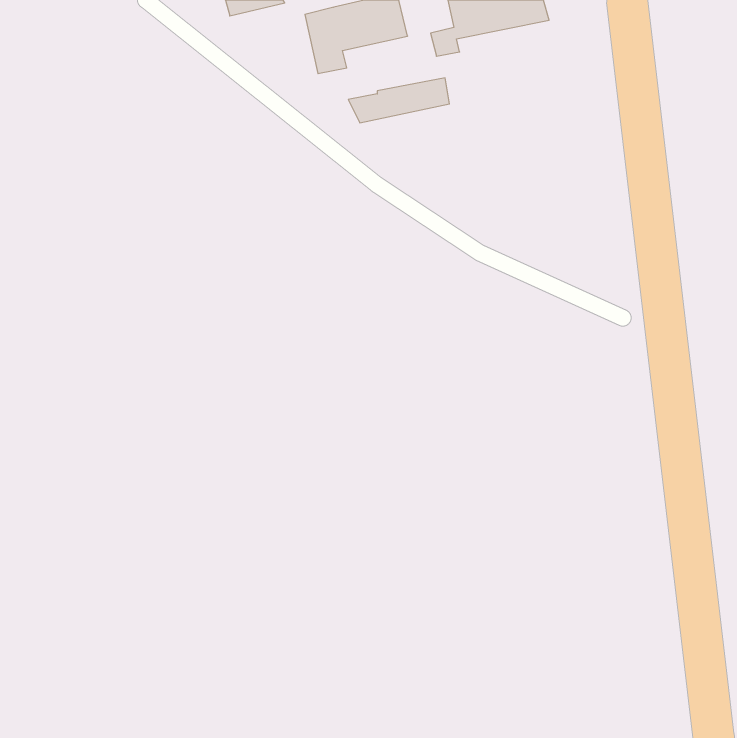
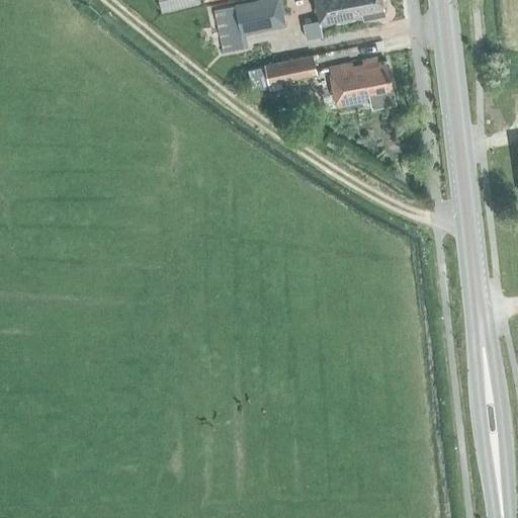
building: none -> [329,58,394,107]

